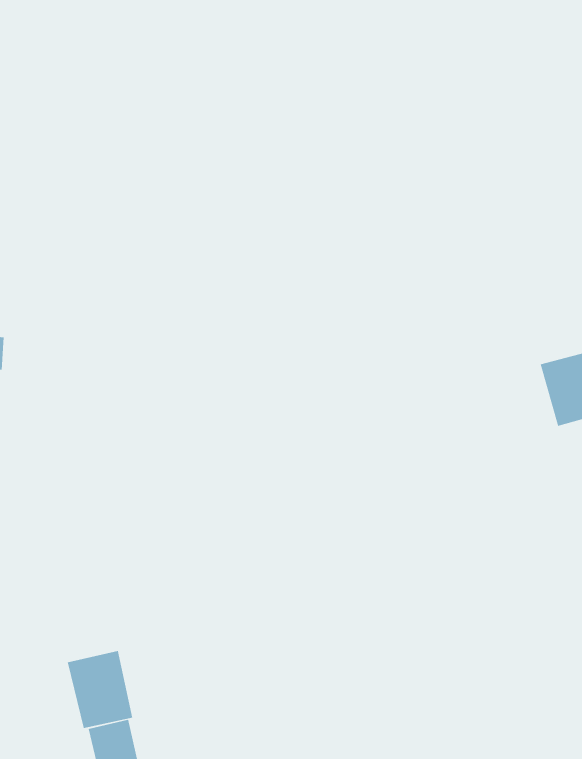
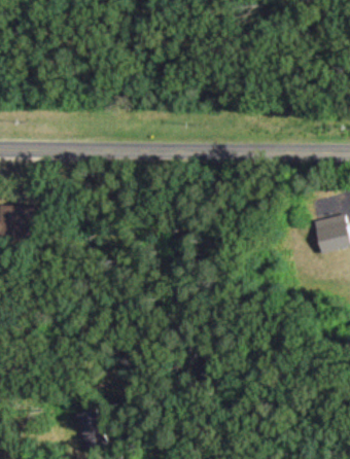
building: [67,650,133,729] -> none

